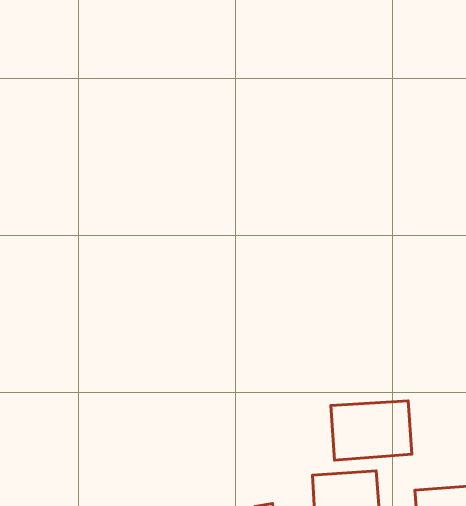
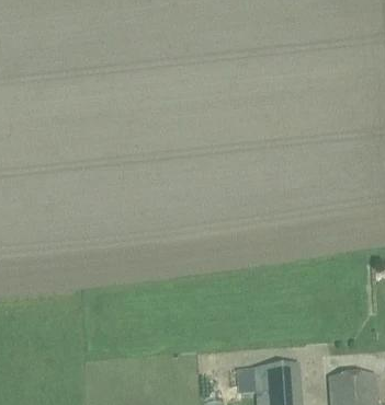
building: [331,401,412,460] -> none

